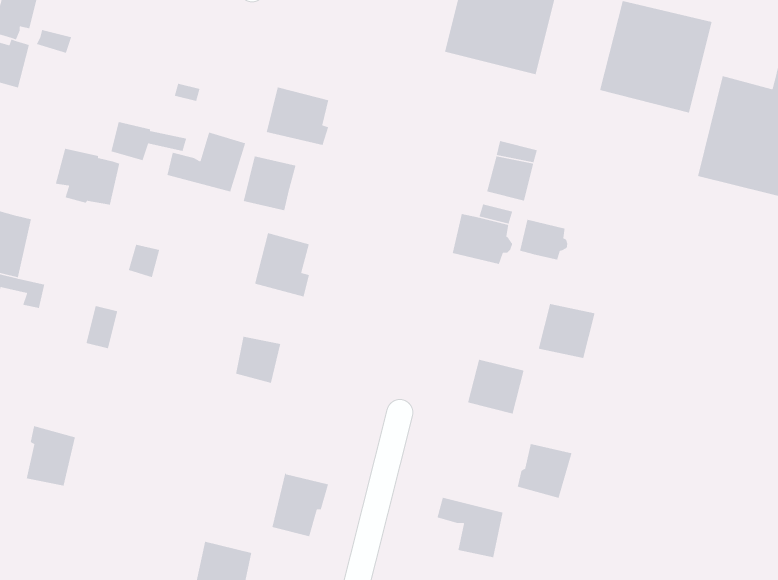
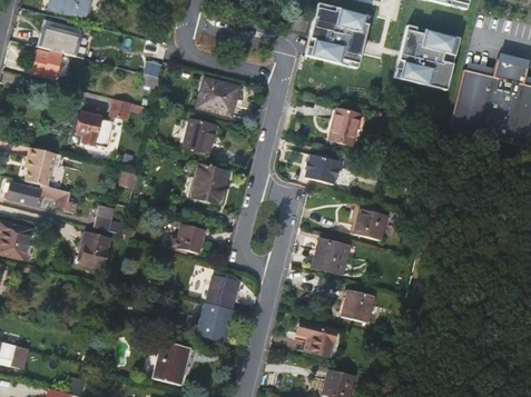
building: [166,131,246,192] -> none
building: [519,219,568,260] -> none
building: [26,425,76,487] -> [81,231,110,267]
building: none -> [212,275,242,308]

